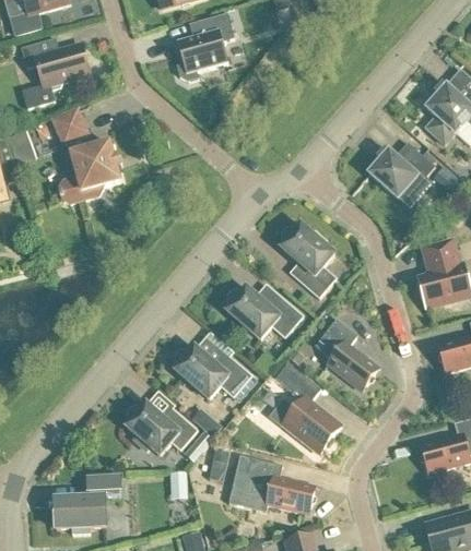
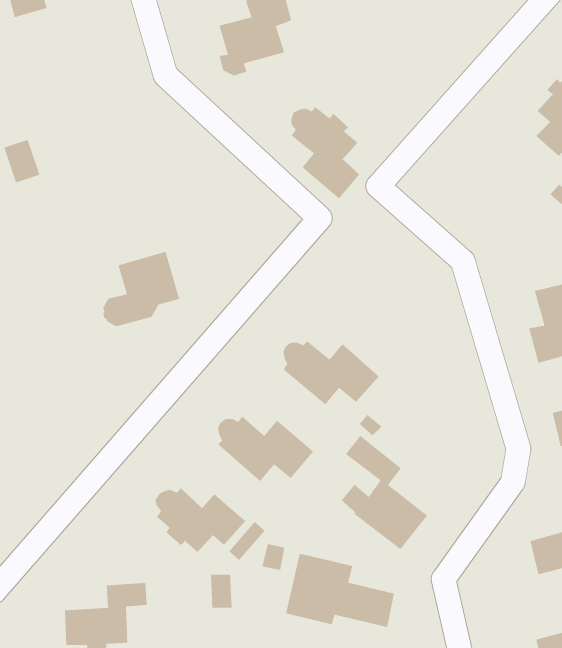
building: [21,37,90,109] -> none
building: [50,107,90,146] -> none
building: [369,142,435,207] -> none
building: [59,143,120,203] -> [102,251,180,327]
building: [281,225,335,298] -> [291,106,360,199]
building: [315,319,379,391] -> none

